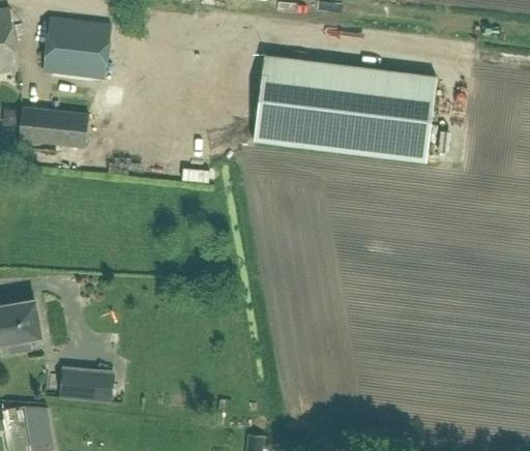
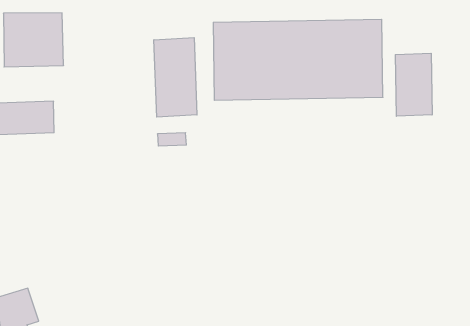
building: none -> [154,38,197,117]
building: none -> [395,53,432,116]

